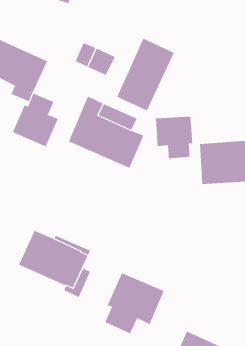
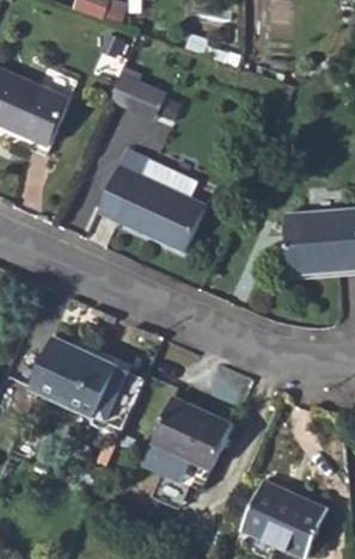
building: [116,38,174,111] -> none
building: [12,93,59,147] -> none
building: [155,116,193,159] -> none

